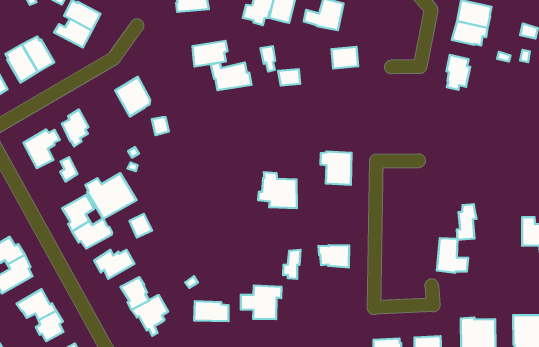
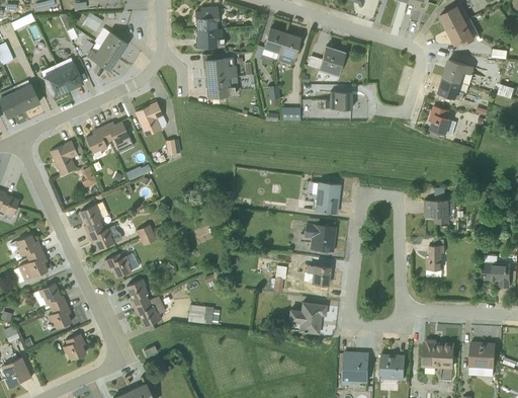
building: [211,62,251,90] -> [202,55,237,79]
building: none -> [102,122,133,153]
building: none -> [425,200,455,224]
building: [258,172,297,208] -> [300,218,336,252]
building: [86,173,136,219] -> none
building: [437,238,468,273] -> none
building: [241,286,281,319] -> [288,303,326,334]

